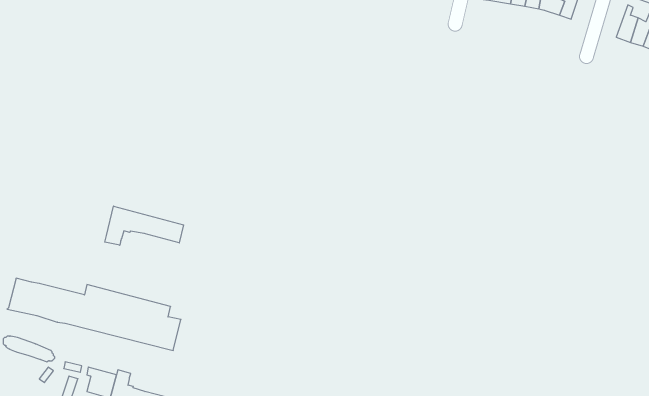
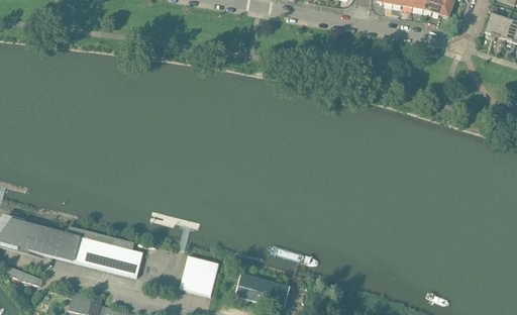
building: [105,206,184,245] -> none
building: none -> [179,255,218,296]
building: none -> [235,272,289,308]

